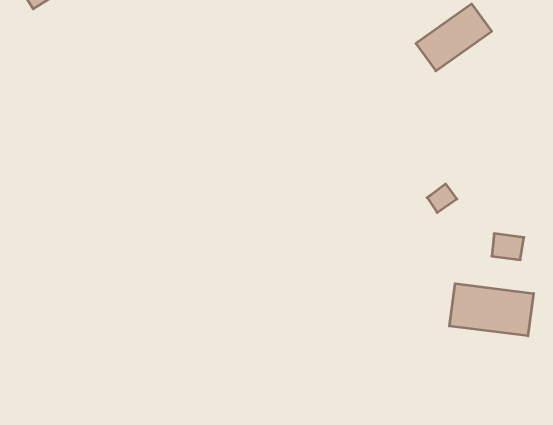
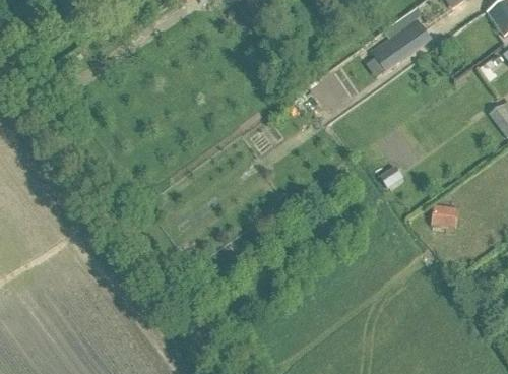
building: [449,284,534,336] -> none

